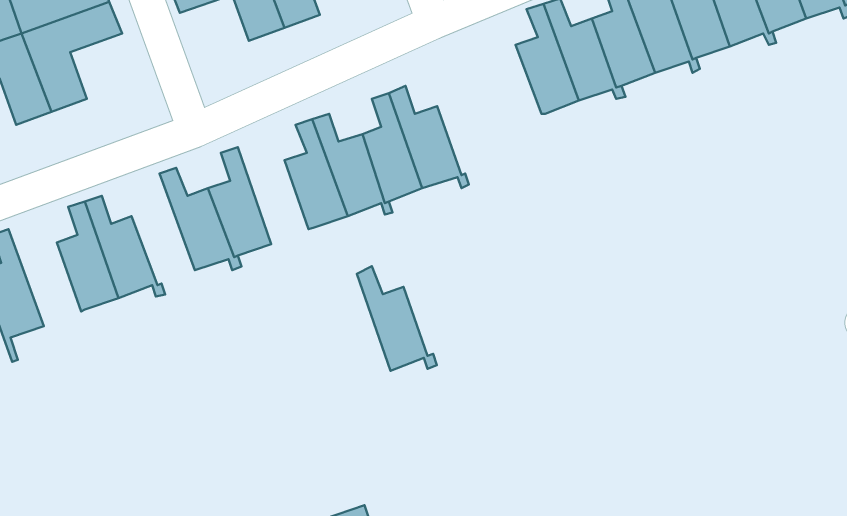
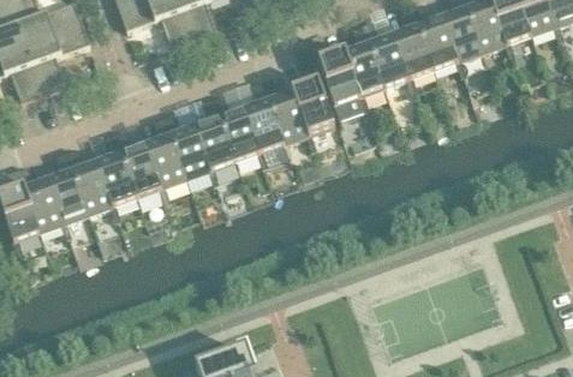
building: none -> [311,38,364,119]
building: none -> [292,62,333,134]
building: none -> [95,133,136,205]
building: none -> [16,164,67,232]
building: [357,266,437,371] -> [163,112,215,179]

